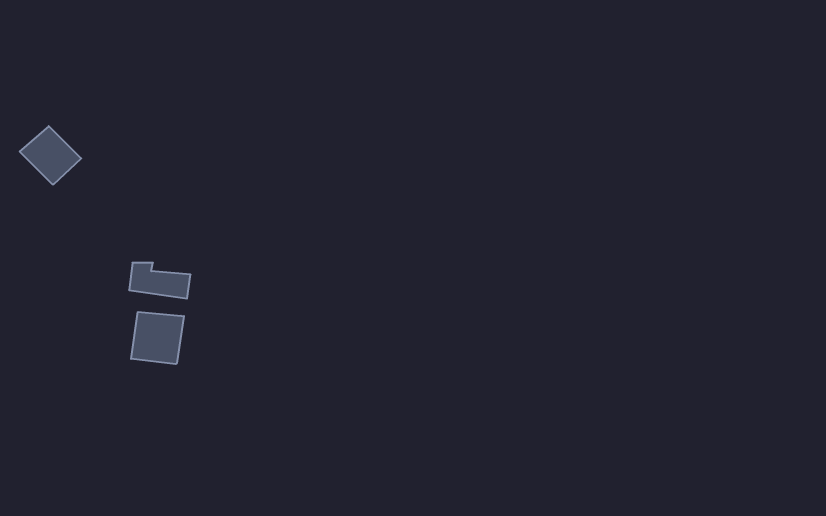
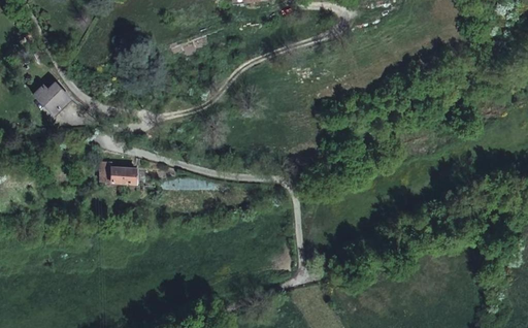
building: [131,312,184,364] -> none

